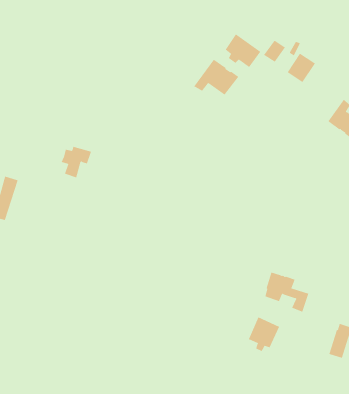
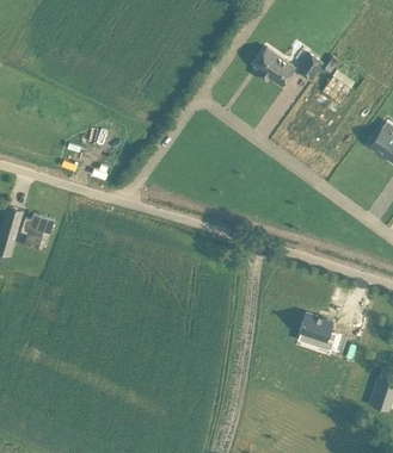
building: [194,59,239,96] -> none
building: [61,146,92,178] -> [19,213,54,249]
building: [248,317,280,352] -> none

